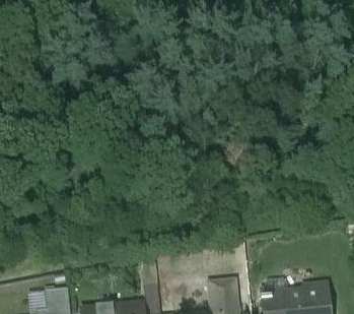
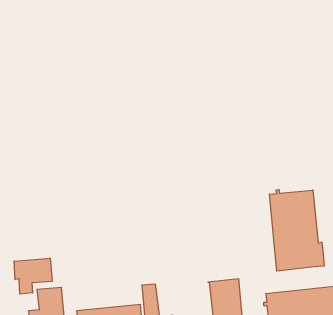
building: none -> [270,189,324,271]
building: none -> [14,258,52,294]

